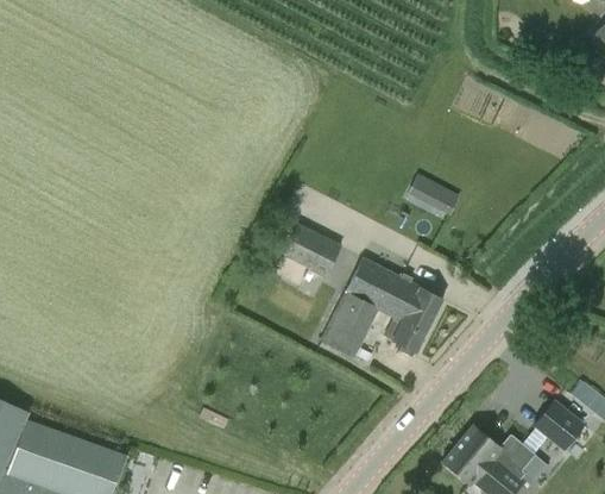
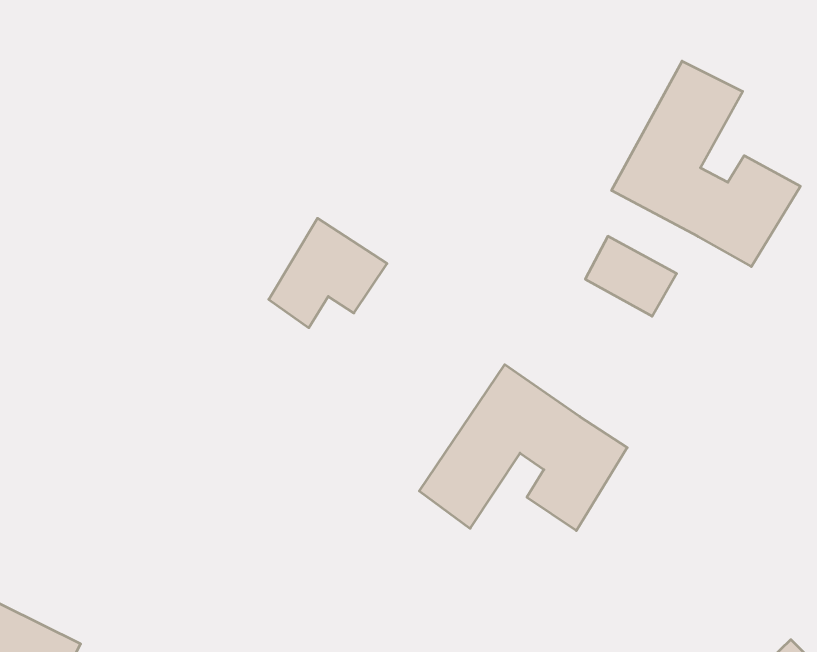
building: none -> [612,61,800,267]
building: [273,224,342,290] -> [269,218,387,328]

